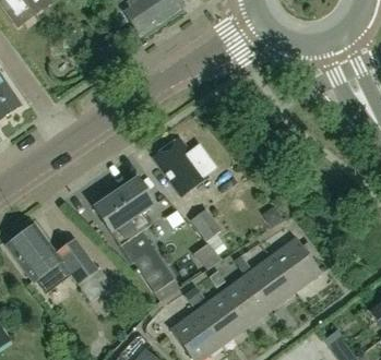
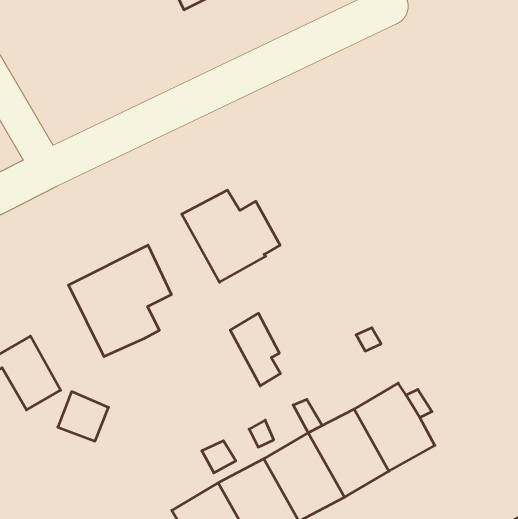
building: [120,231,176,292] -> none

